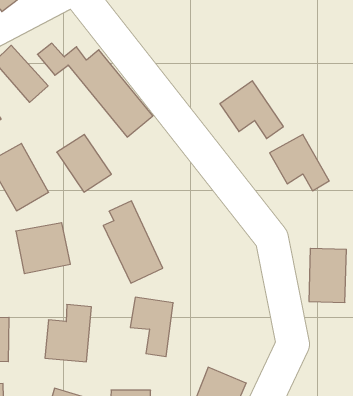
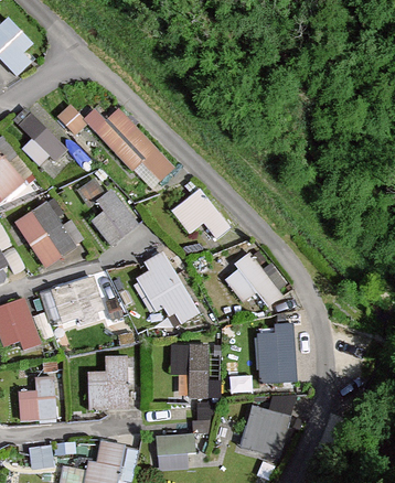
building: [220,81,283,139] -> [167,185,231,240]
building: [270,134,329,191] -> [225,248,286,302]
building: [309,248,346,302] -> [255,328,293,382]

